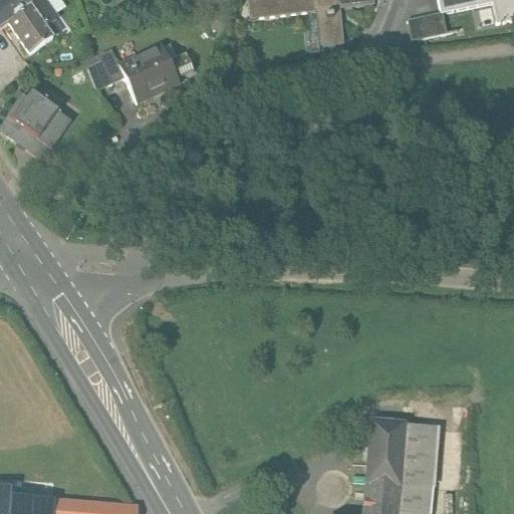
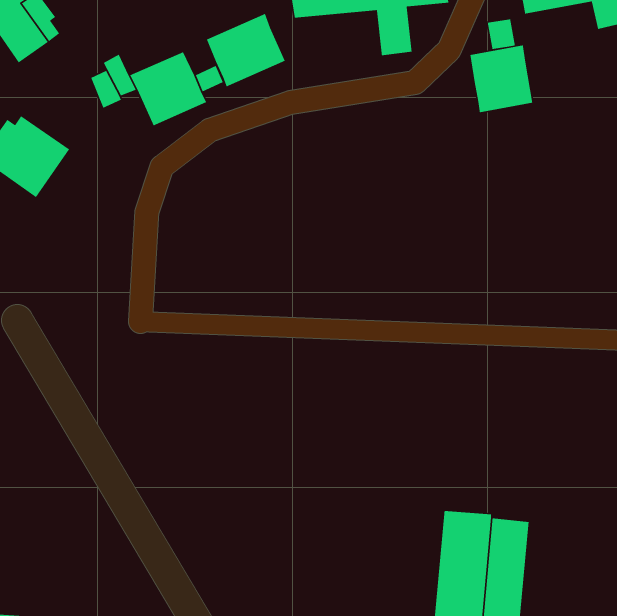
building: none -> [206,13,286,88]
building: none -> [469,45,533,113]

